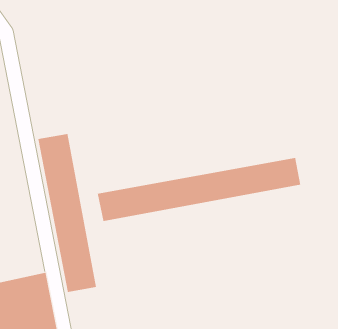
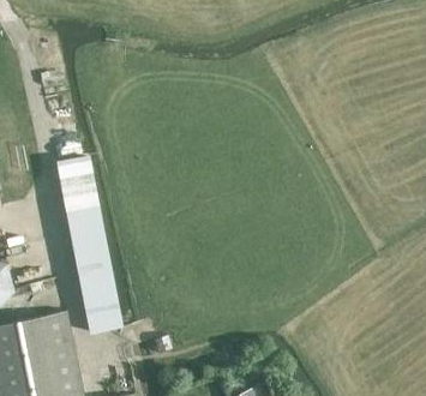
building: [97,157,301,222] -> none

